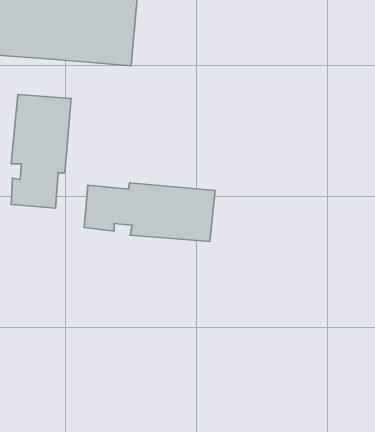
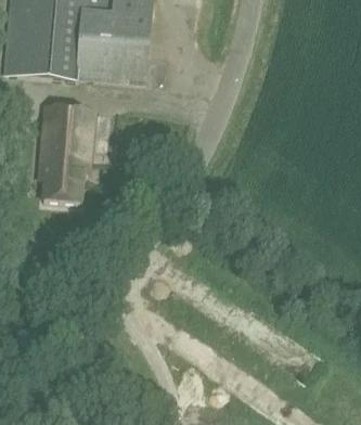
building: [84,183,215,242] -> none

